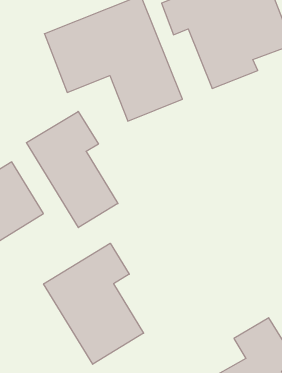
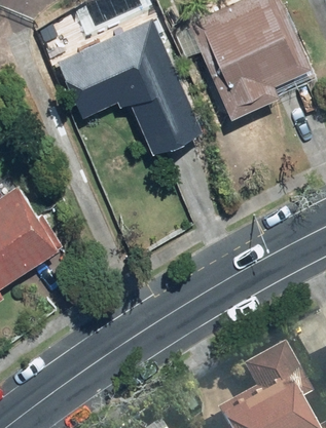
building: [26,111,118,228] -> none
building: [44,243,144,364] -> none

